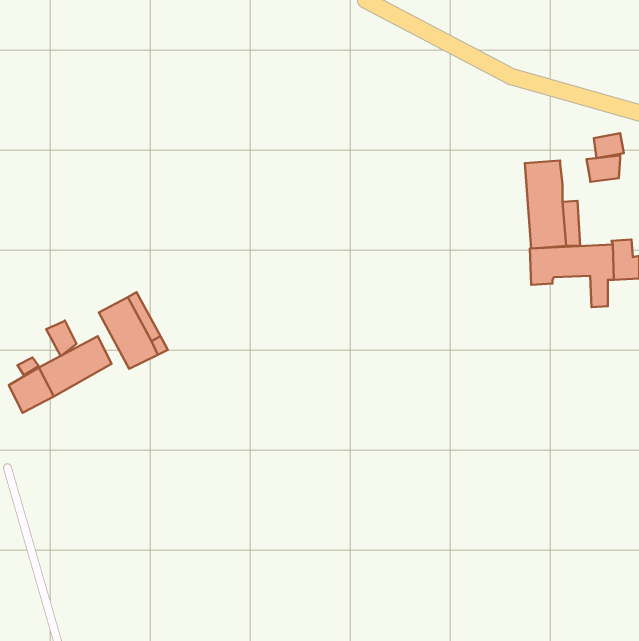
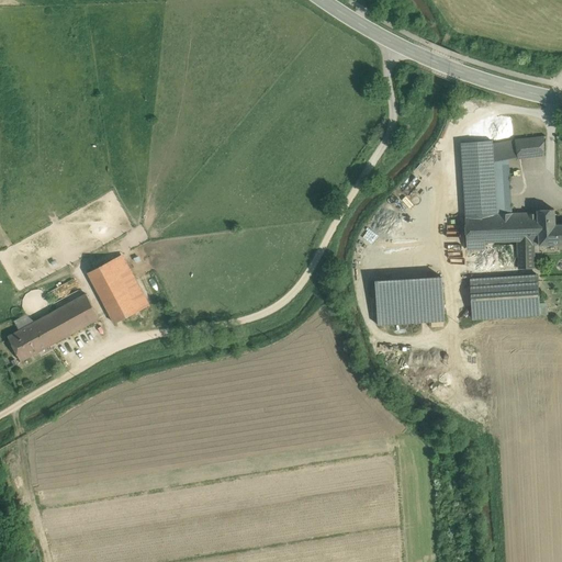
building: [594,133,624,158] -> [491,139,517,161]
building: none -> [470,274,539,319]
building: none -> [374,277,445,325]
building: [46,321,77,356] -> none

